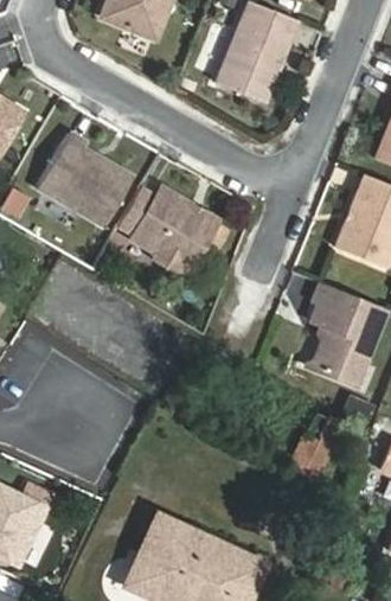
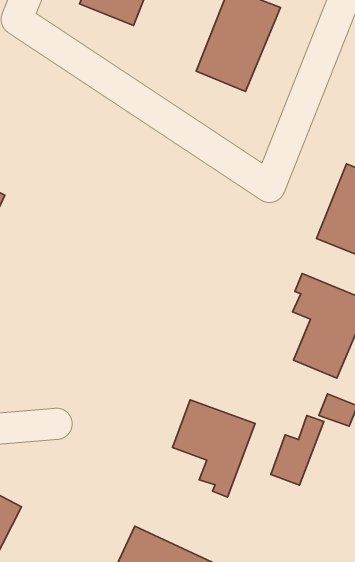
building: [39,129,134,222] -> none
building: [121,184,219,268] -> none
building: none -> [172,400,255,497]

